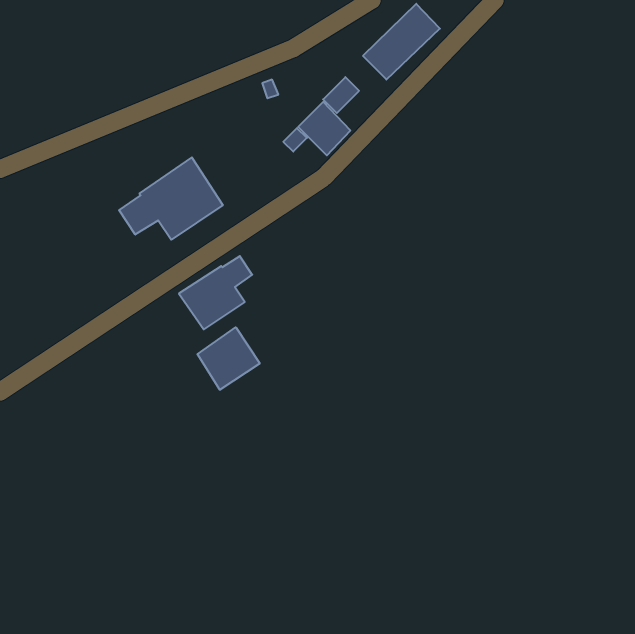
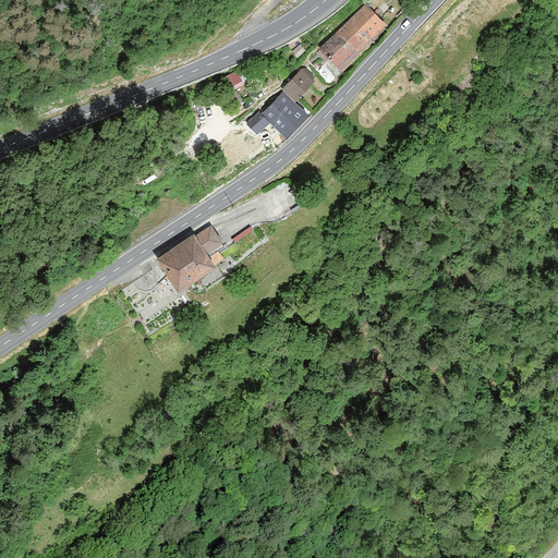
building: [119,157,223,240] -> none
building: [197,327,260,390] -> none

